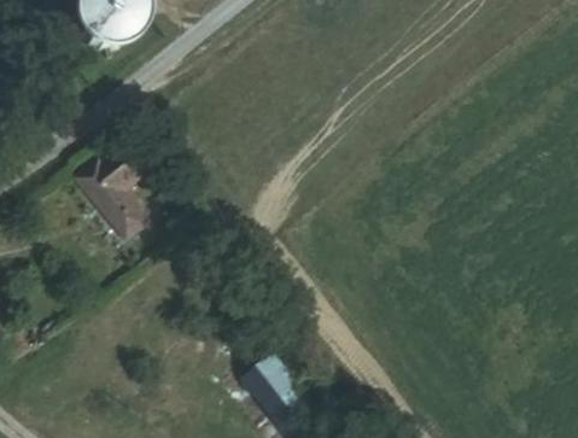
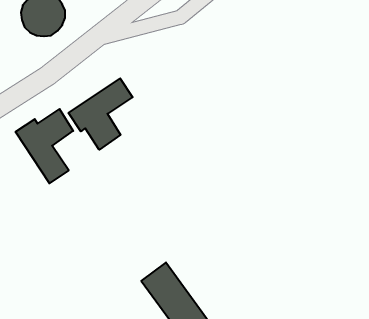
building: none -> [69,78,133,150]

